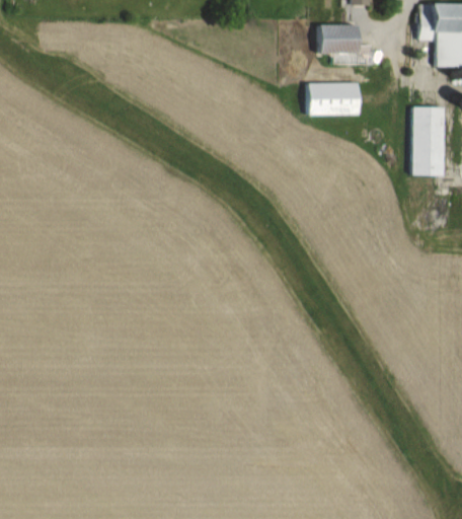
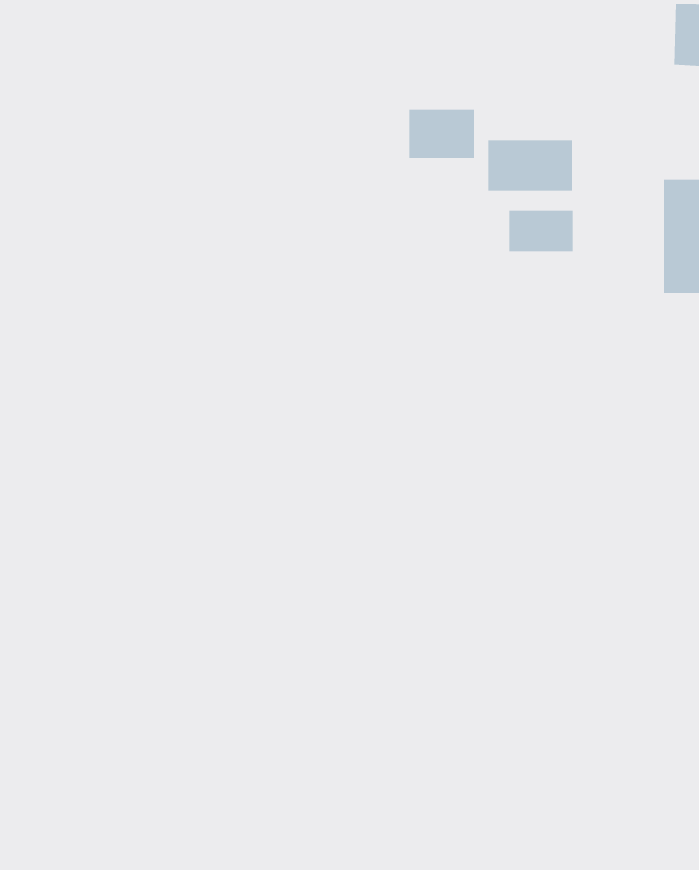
building: [319,25,359,55] -> [408,109,475,159]
building: none -> [509,210,573,252]

